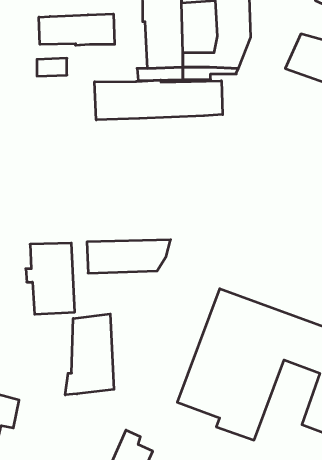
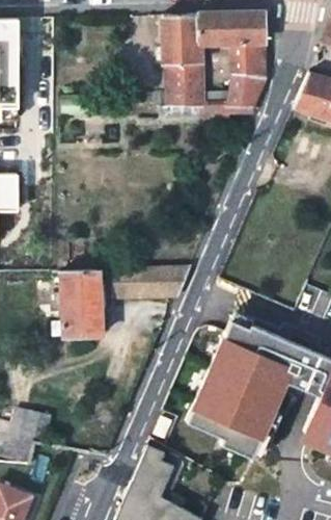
building: [39,14,115,45] -> none
building: [95,80,223,120] -> none
building: [65,314,114,395] -> none

